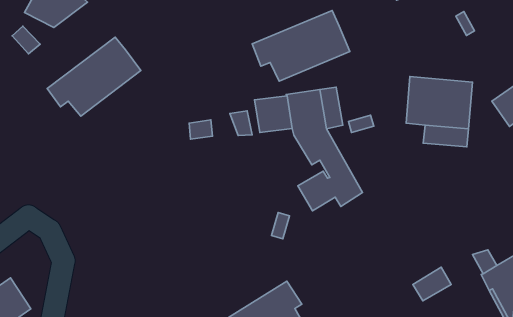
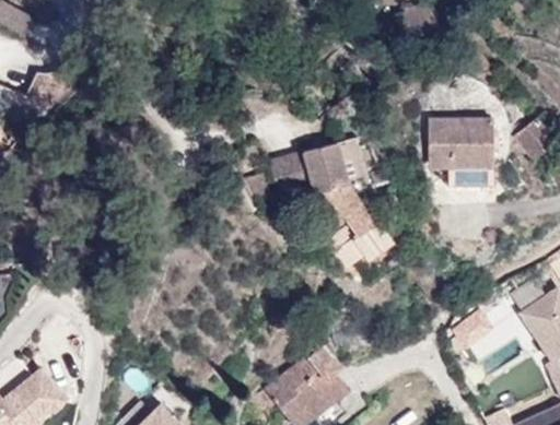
building: [252,11,350,81] -> none
building: [47,37,141,116] -> none

